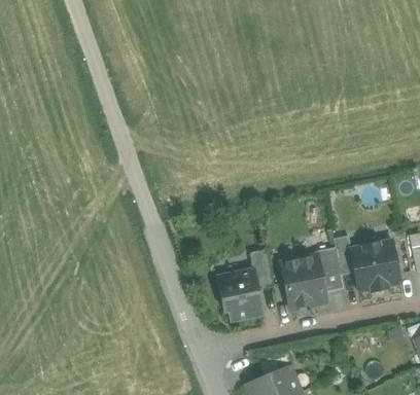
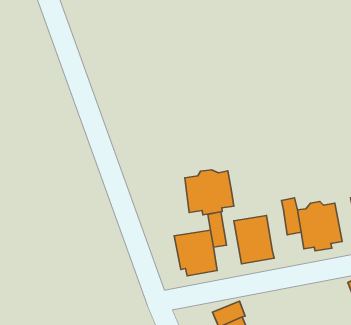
building: none -> [185,170,234,215]
building: [316,249,343,293] -> none

